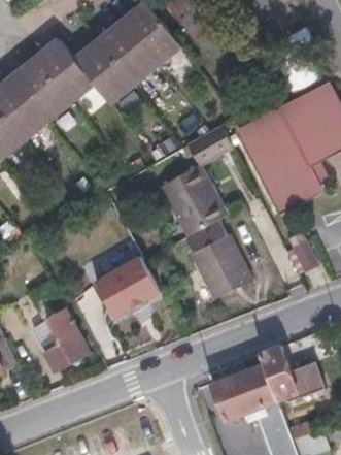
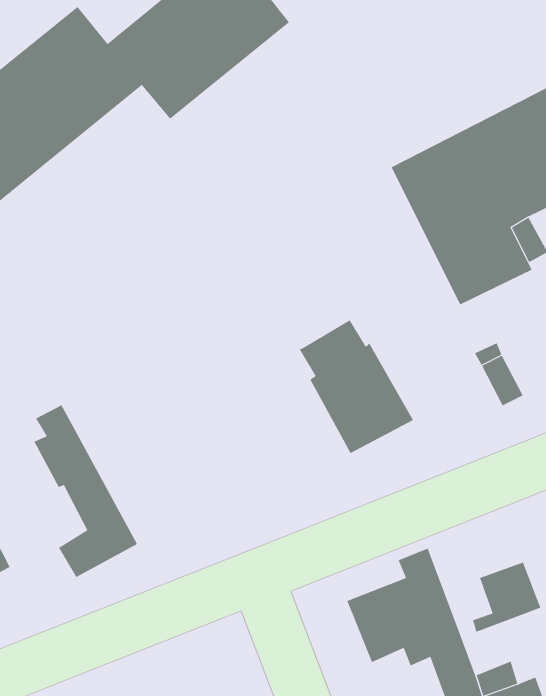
building: [183,125,231,162] -> none
building: [159,166,224,236] -> none
building: [94,256,159,318] -> none
building: [260,345,297,399] -> none

